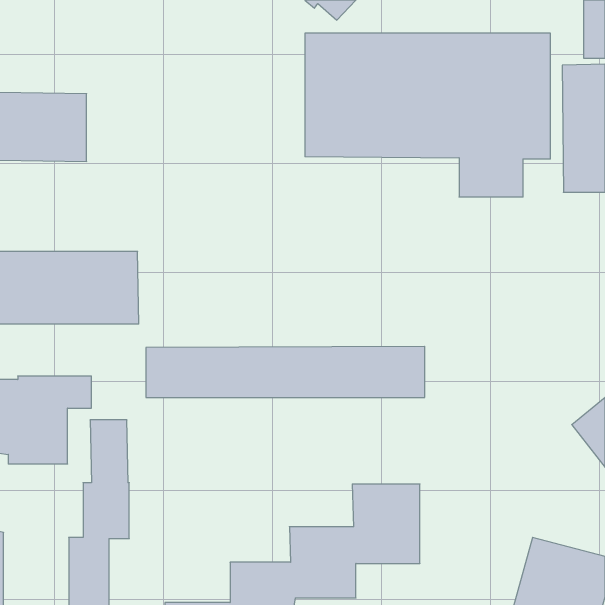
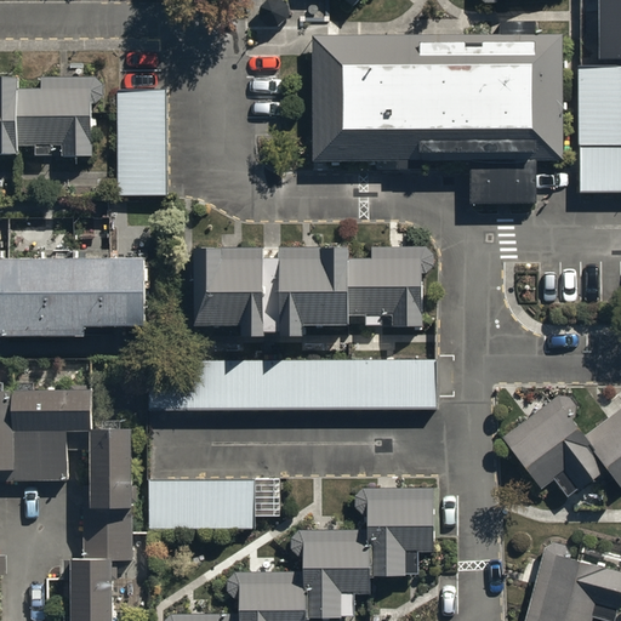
building: none -> [119,93,170,195]
building: none -> [198,245,426,326]
building: none -> [503,404,597,498]
building: none -> [149,479,260,531]

